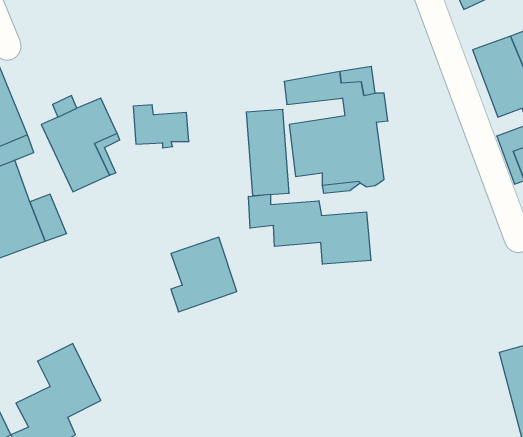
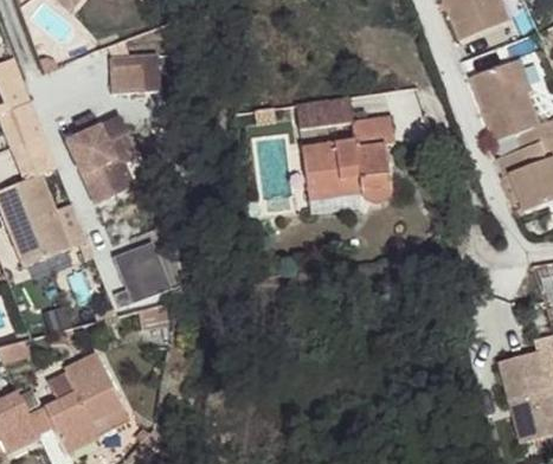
building: [133,105,189,148] -> [110,62,162,102]
building: [248,194,371,264] -> none
building: [171,237,237,312] -> [112,238,174,308]

